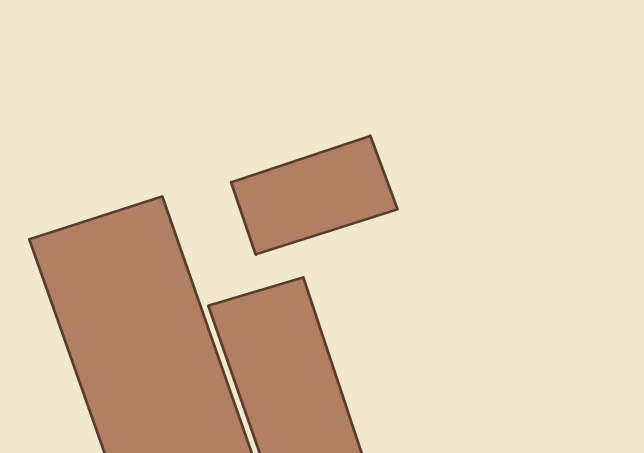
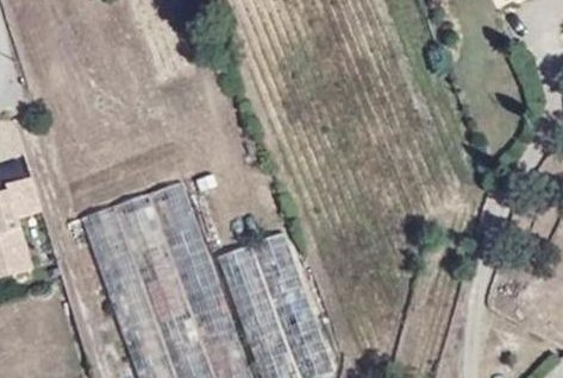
building: [231,136,397,255] -> none

